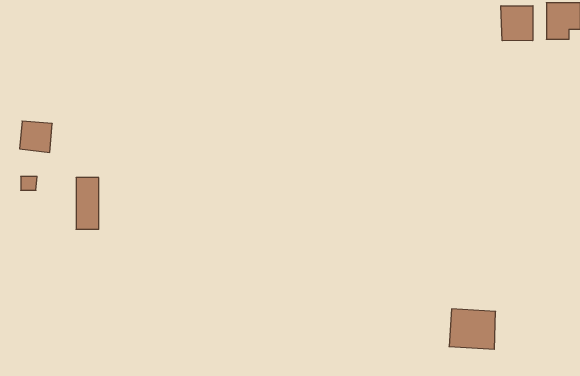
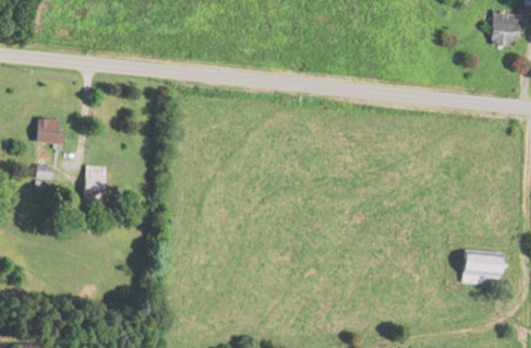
building: [501,6,533,41] -> none
building: [449,309,496,349] -> [462,250,503,285]

